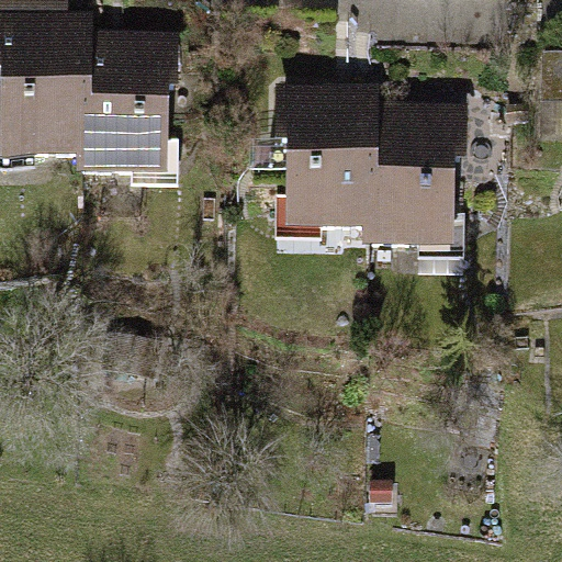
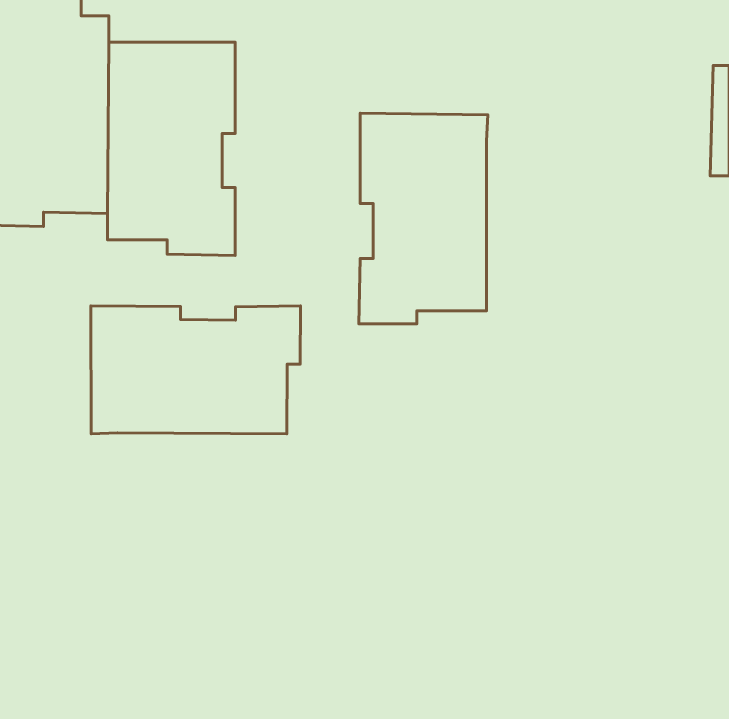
building: [368,106,464,263] -> none
building: none -> [91,306,301,434]

